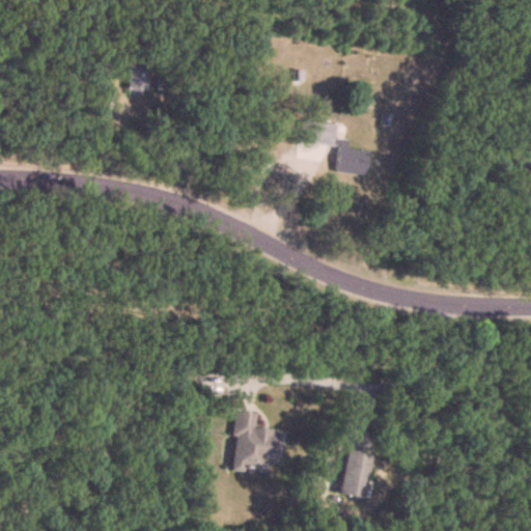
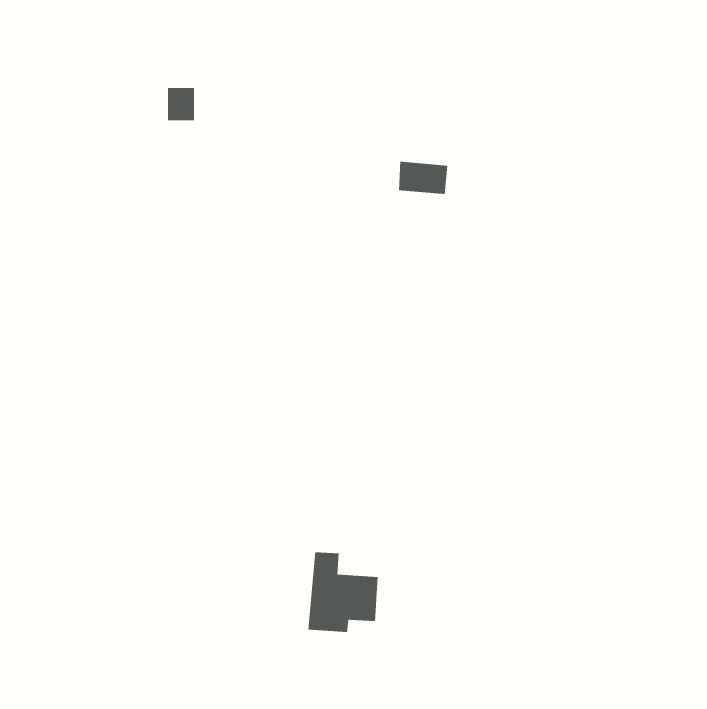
building: [337,148,368,174] -> none
building: [340,450,373,499] -> none

